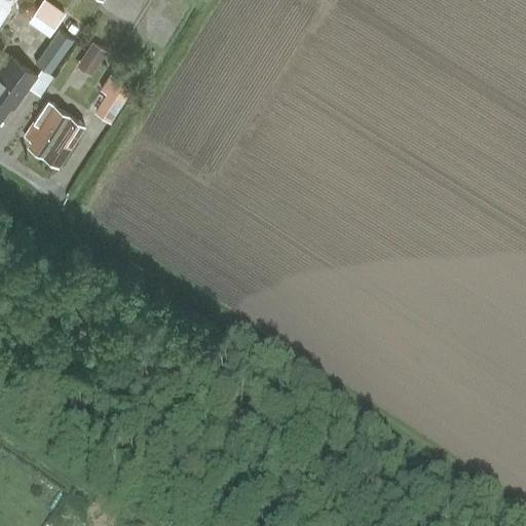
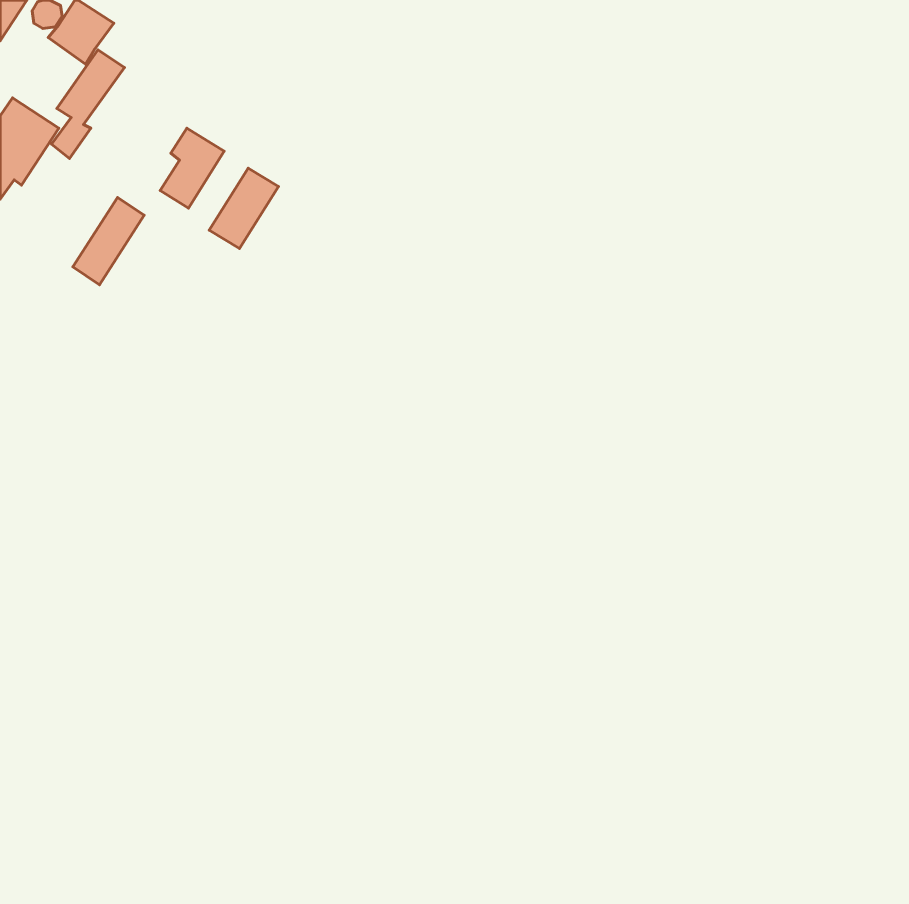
building: [76,45,107,79] -> none
building: none -> [209,168,278,249]
building: [25,104,68,157] -> none

